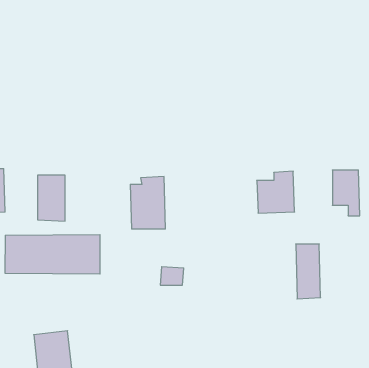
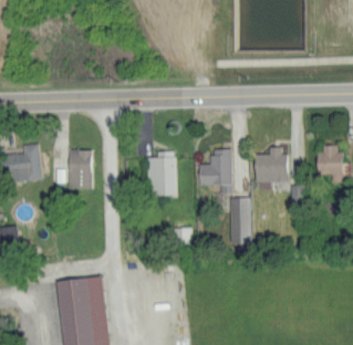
building: none -> [198,148,230,192]
building: [5,235,100,274] -> none
building: [296,244,321,299] -> [229,197,250,243]

